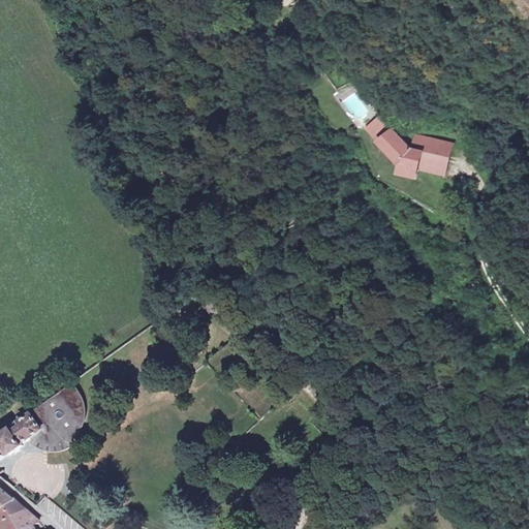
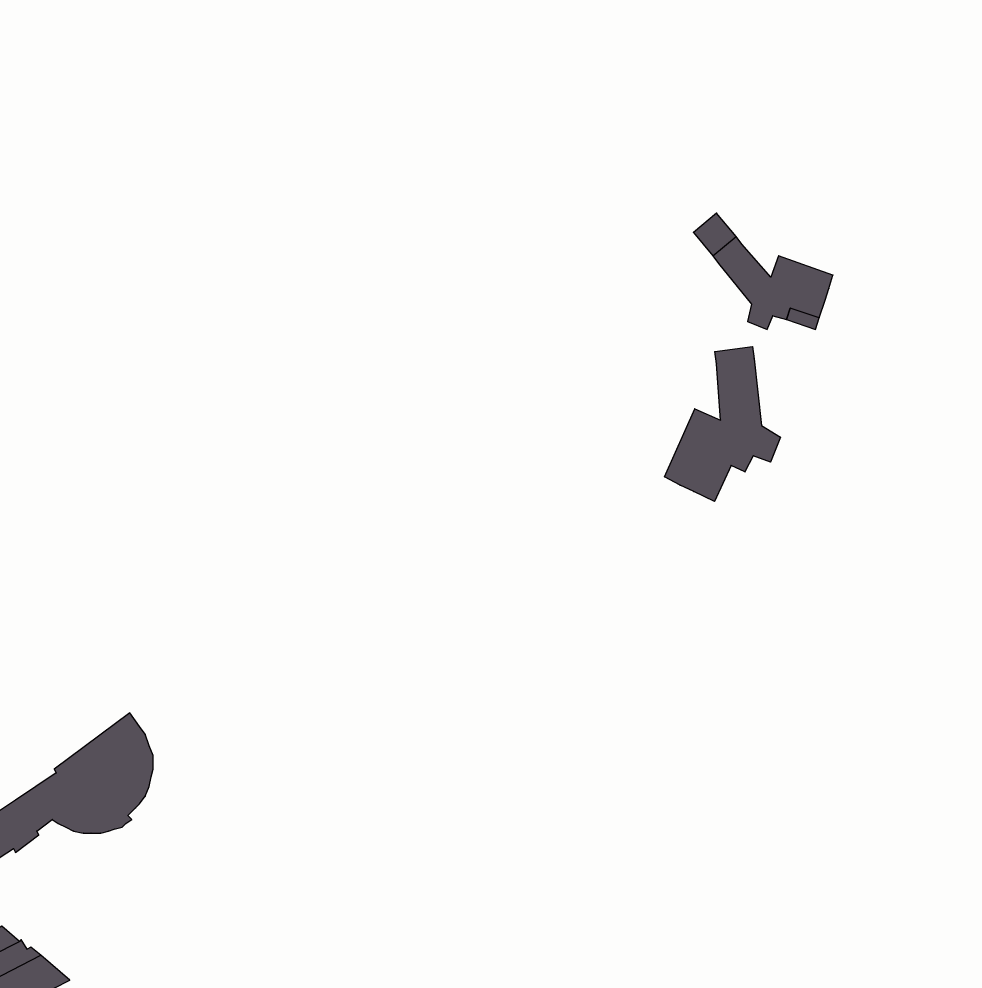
building: none -> [665,347,780,501]

